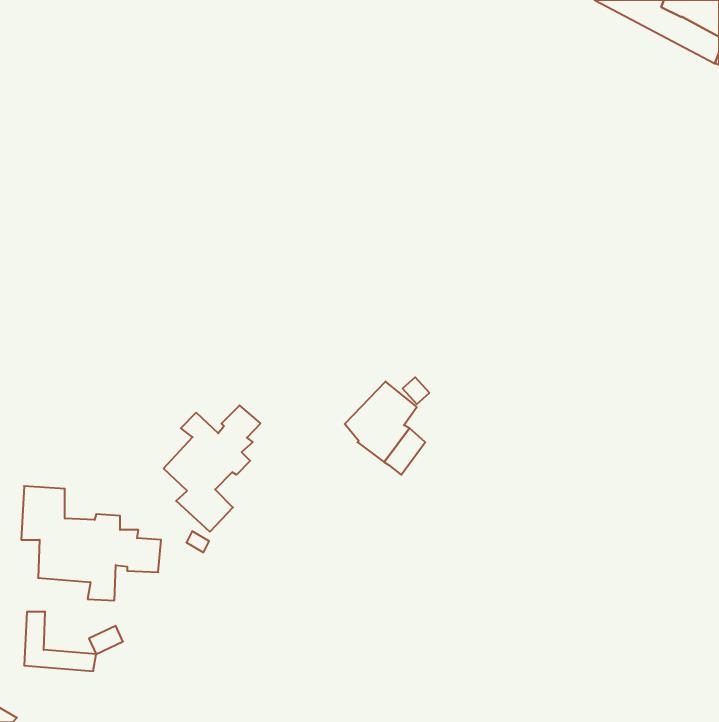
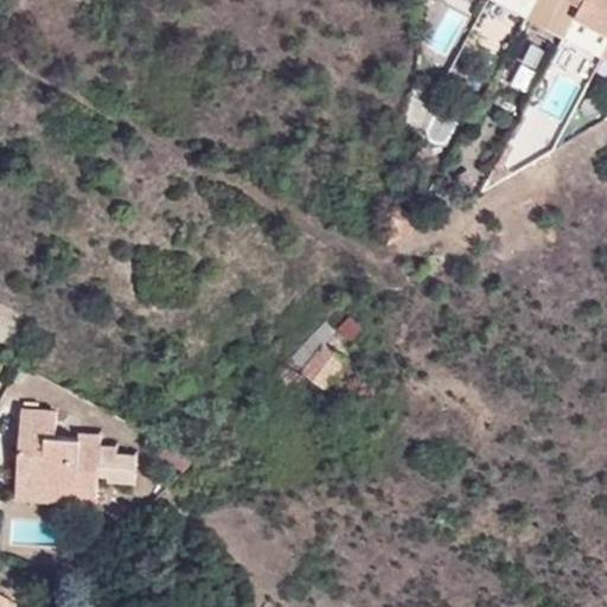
building: [164,405,260,532] -> none
building: [24,612,96,671] -> [15,453,76,503]

